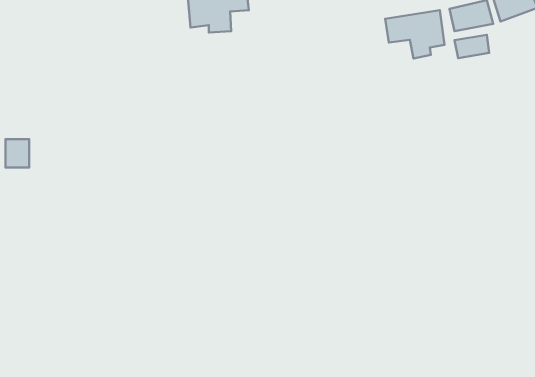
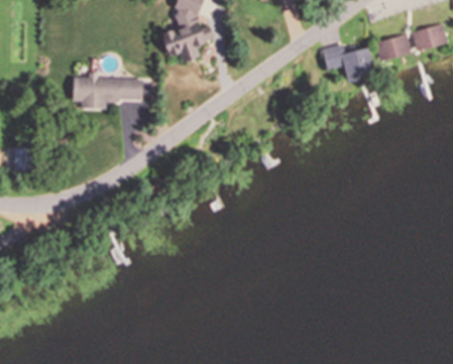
building: [454,35,489,58] -> none
building: none -> [74,76,142,110]

